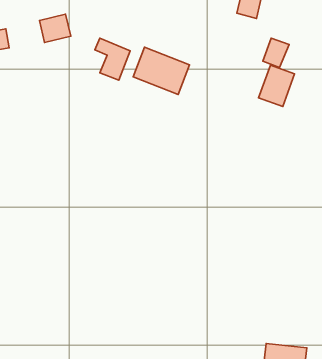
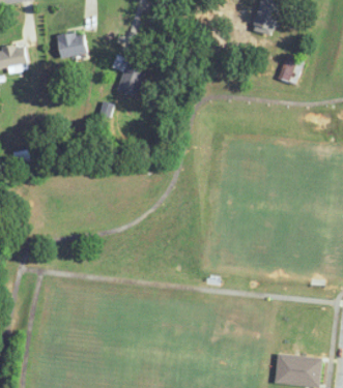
building: [133,47,189,95] -> none
building: [259,65,295,106] -> none

